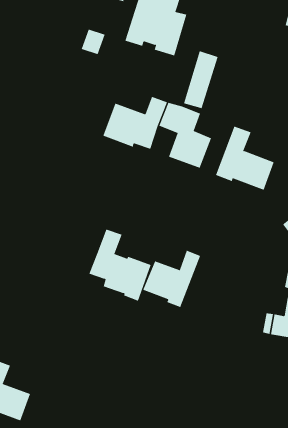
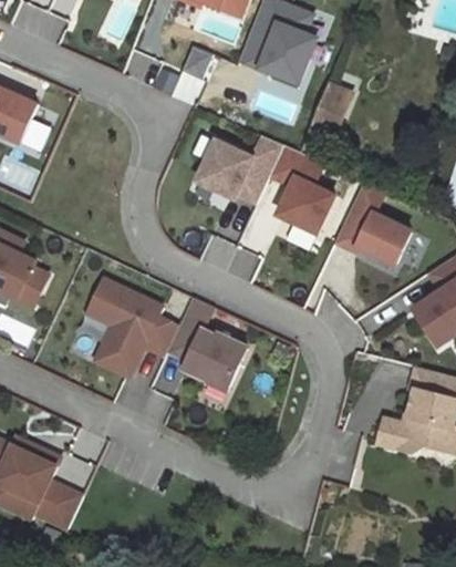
building: none -> [86,279,178,375]
building: [143,250,201,308] -> none

